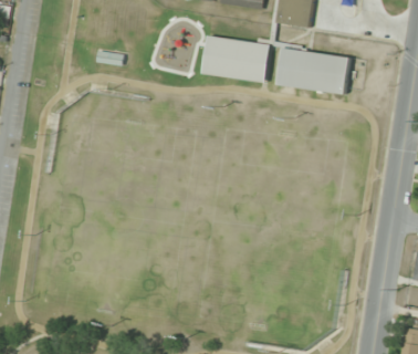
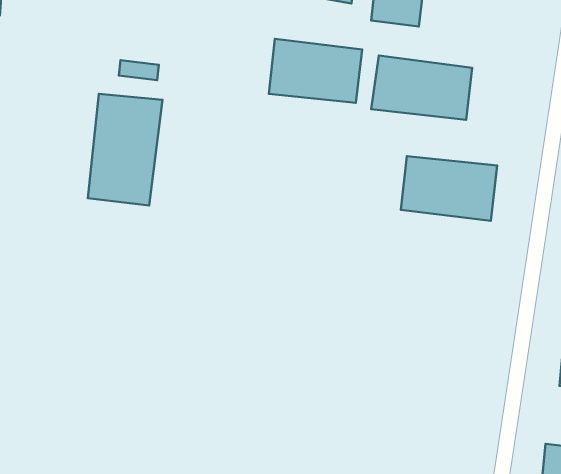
building: none -> [88,94,162,206]
building: none -> [401,156,497,221]

